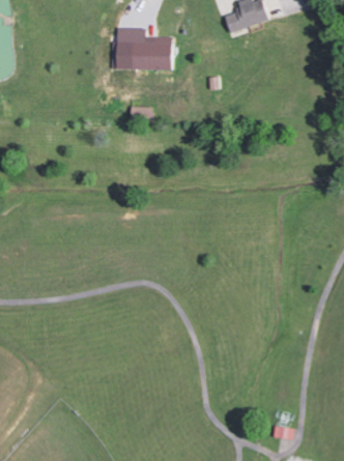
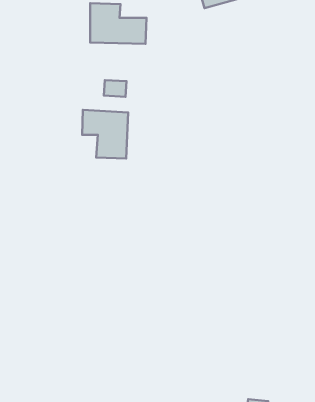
building: none -> [82,110,128,158]

